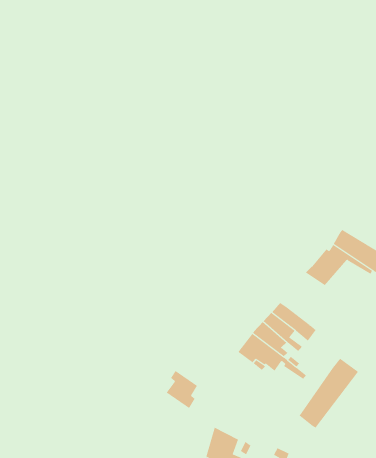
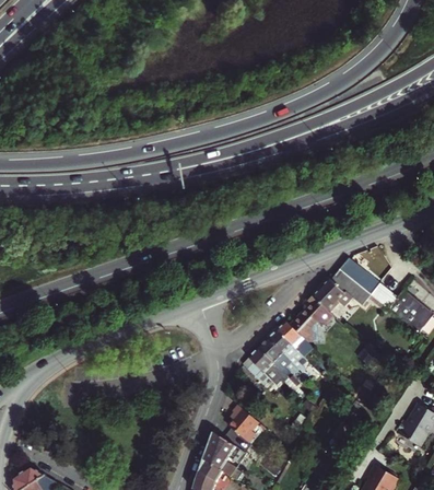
building: none -> [292,295,338,345]
building: [299,358,359,429] -> none
building: [166,370,198,409] -> [227,405,258,442]

